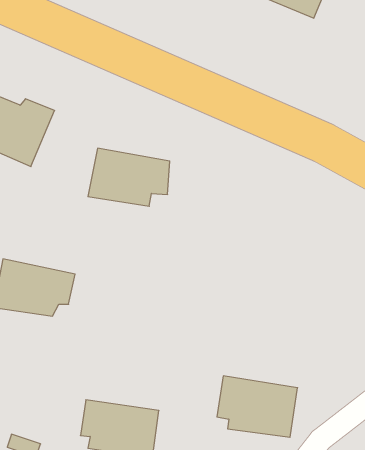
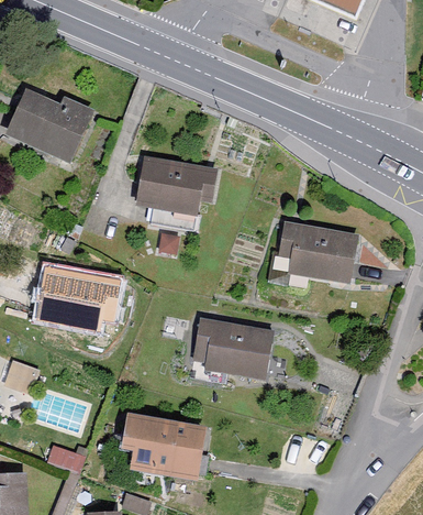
building: none -> [277,220,358,283]
building: [217,376,298,437] -> [192,315,275,377]

